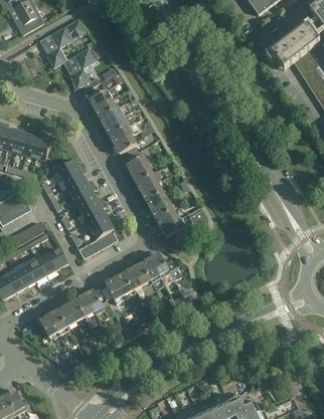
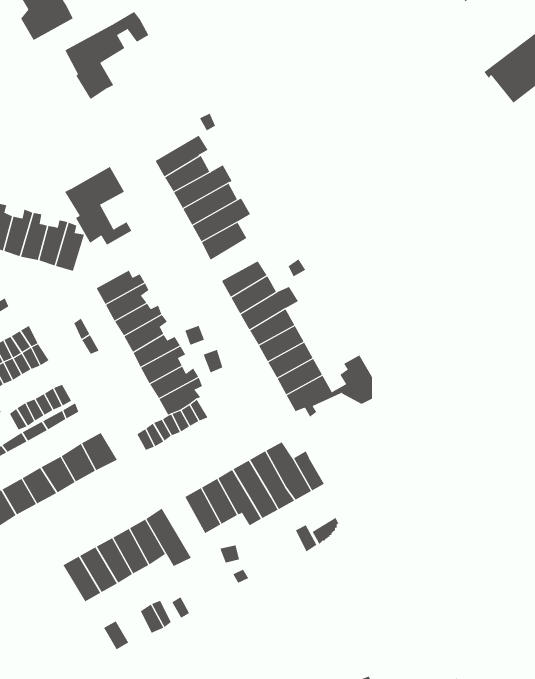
building: [61,46,99,89] -> [64,166,132,245]

